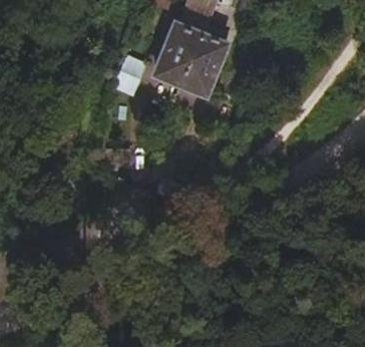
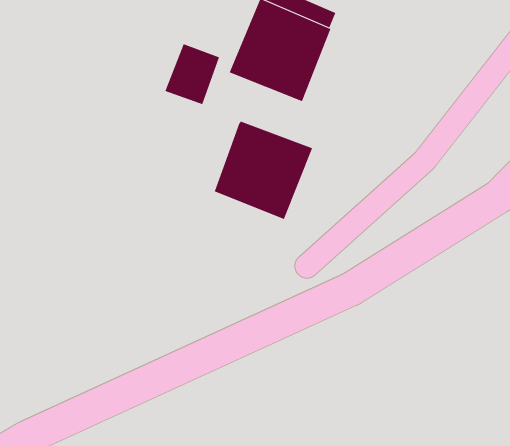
building: none -> [213,121,313,220]

